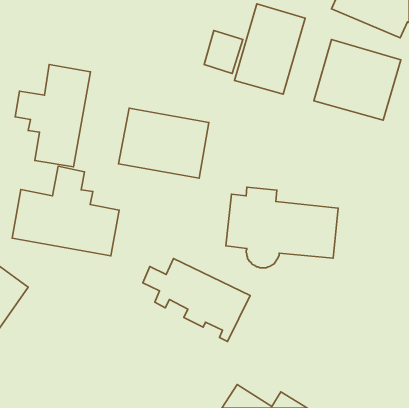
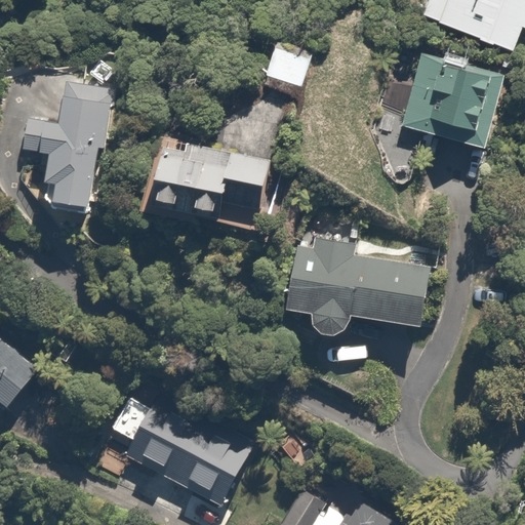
building: [235,4,305,94] -> none
building: [12,166,119,256] -> none
building: [143,259,250,342] -> [110,401,246,507]

